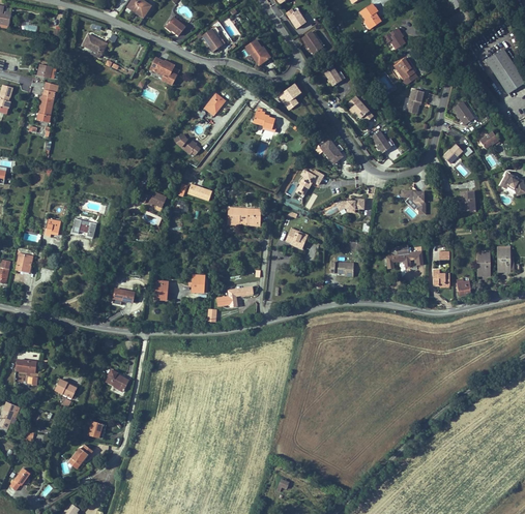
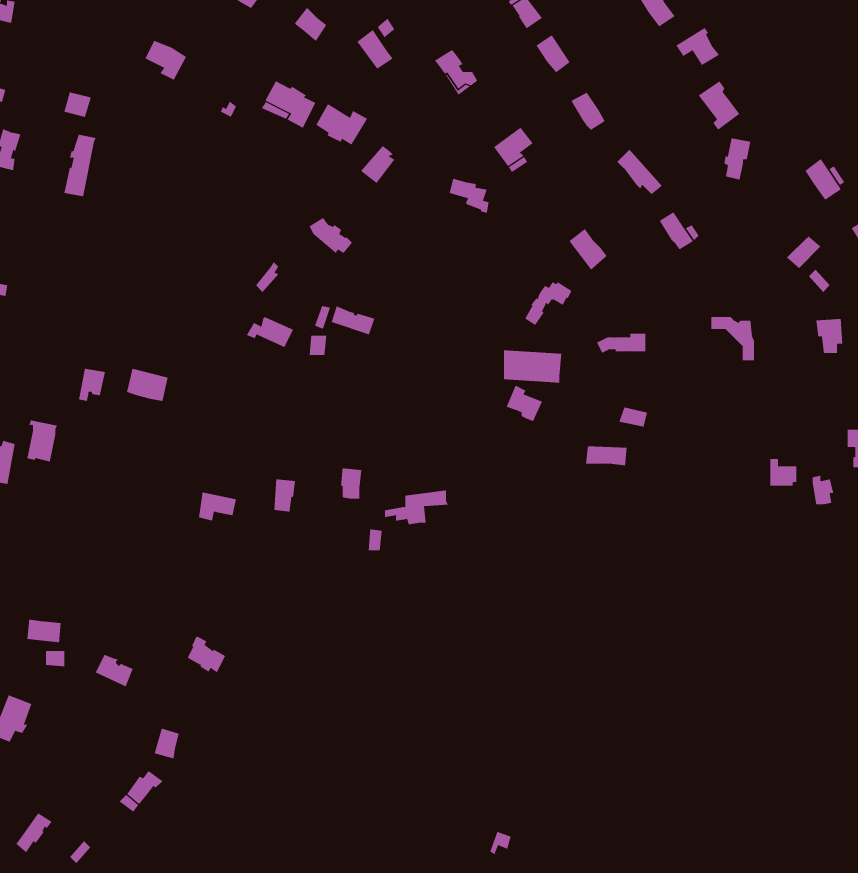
building: none -> [315,103,368,146]
building: [228,207,261,225] -> [503,350,562,383]
building: [386,245,424,268] -> none

